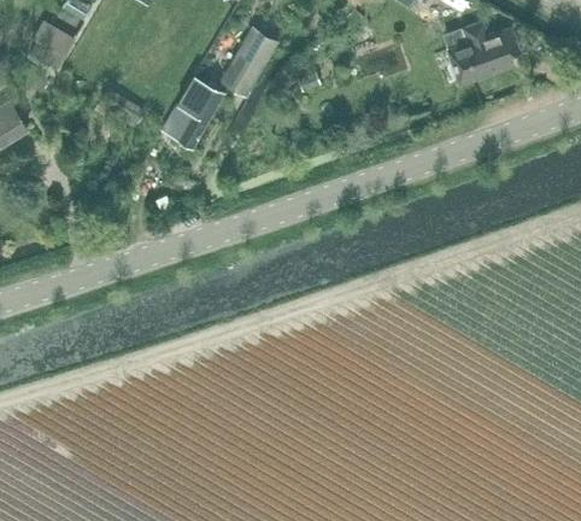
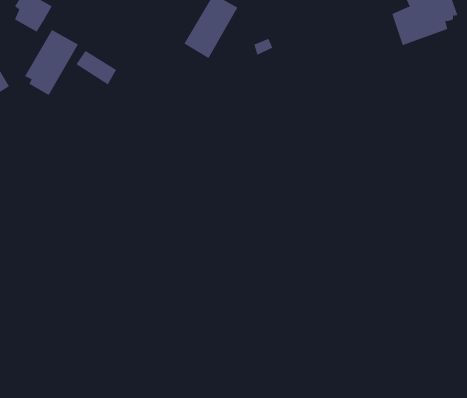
building: [164,76,224,150] -> [24,29,79,96]

